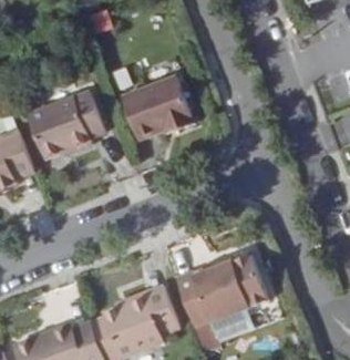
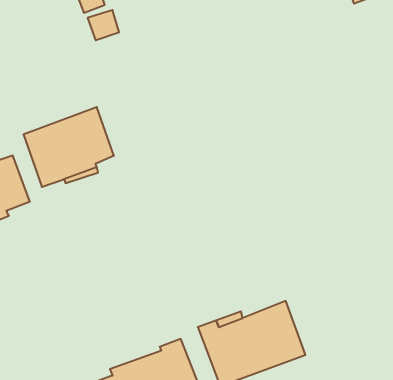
building: [121,78,193,142] -> none

